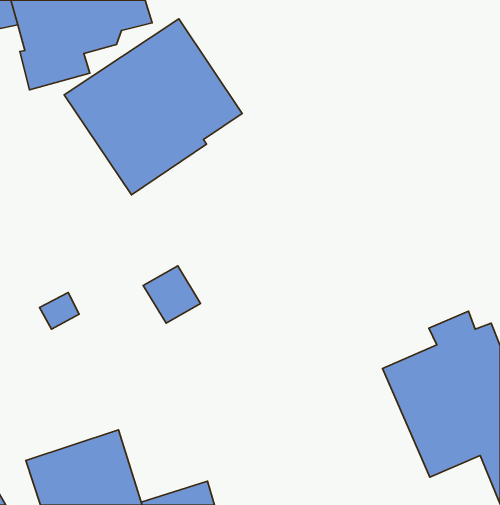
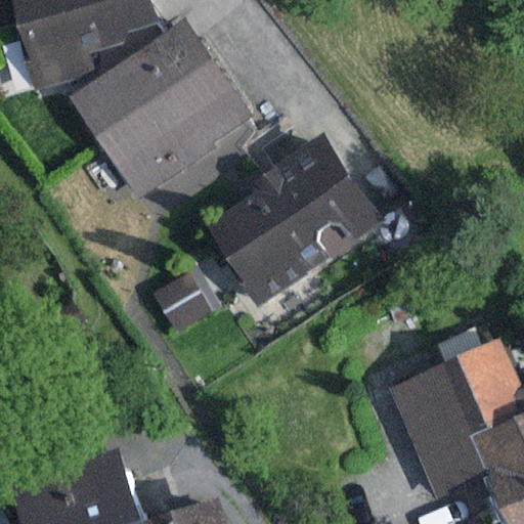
building: none -> [206,136,381,330]

